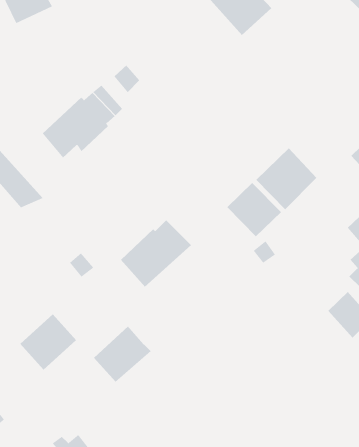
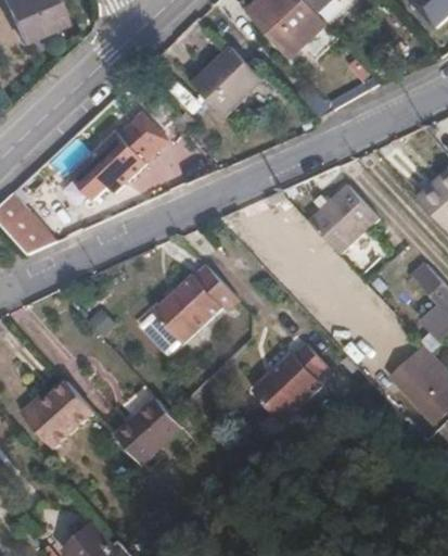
building: none -> [184,42,256,115]
building: [226,182,282,237] -> none
building: none -> [247,351,322,429]

